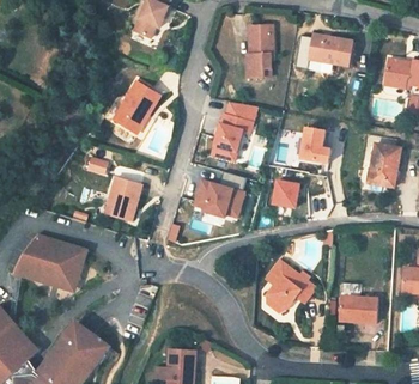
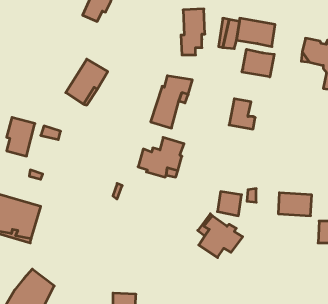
building: none -> [242,49,274,77]
building: [368,144,400,187] -> none
building: [110,177,142,221] -> [7,117,35,156]
building: [272,179,299,207] -> [217,192,242,216]
building: [339,295,377,322] -> [278,193,312,216]

